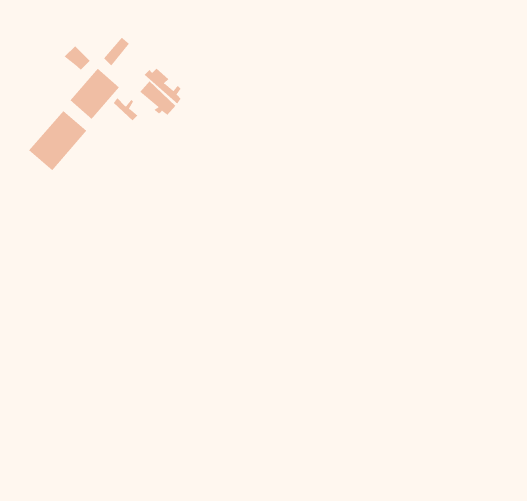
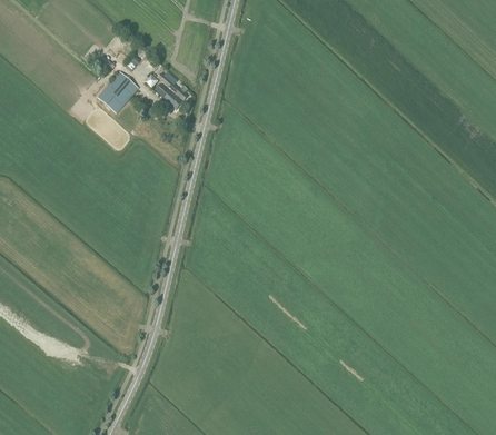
building: [28,110,87,171] -> none

